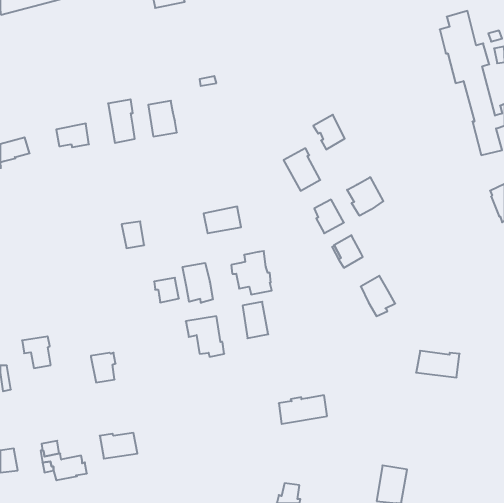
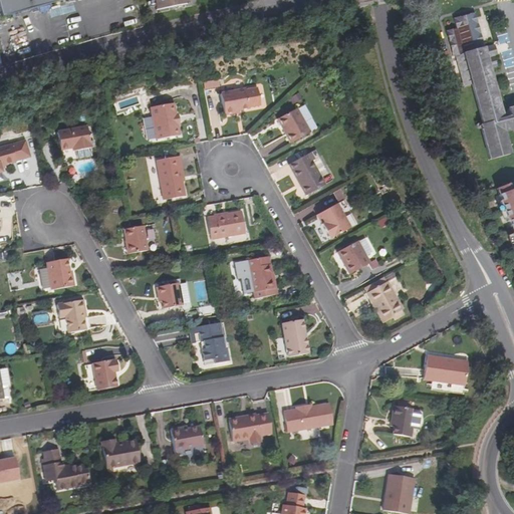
building: none -> [222,87,262,113]
building: [108,99,135,143] -> [158,155,185,199]
building: [313,115,345,149] -> [278,106,310,142]
building: [347,177,383,216] -> none
building: none -> [47,258,74,288]
building: [183,263,213,303] -> none
building: [243,302,268,338] -> [283,318,309,355]
building: [22,336,51,368] -> [57,299,86,331]
building: none -> [392,405,413,436]
building: none -> [229,413,272,440]
building: none -> [172,425,203,449]

